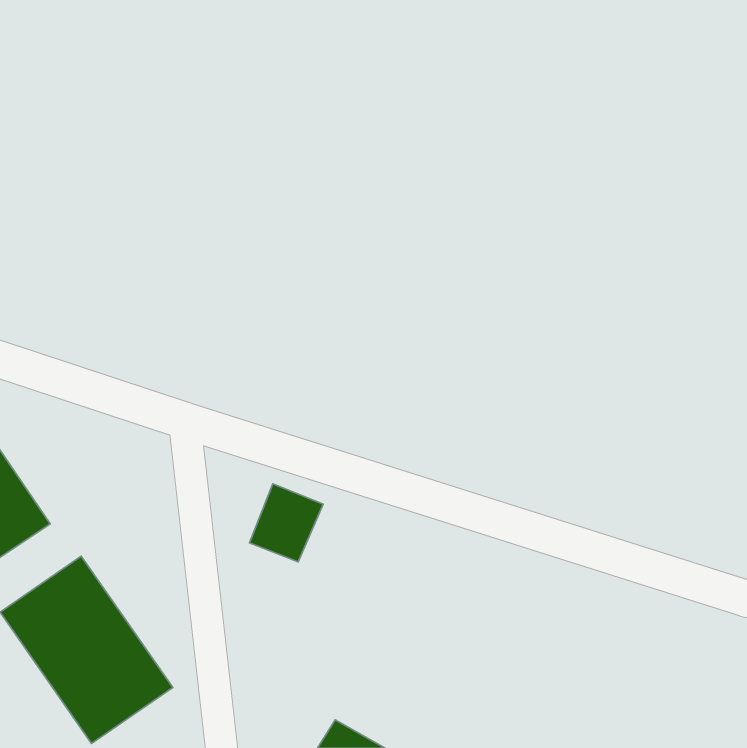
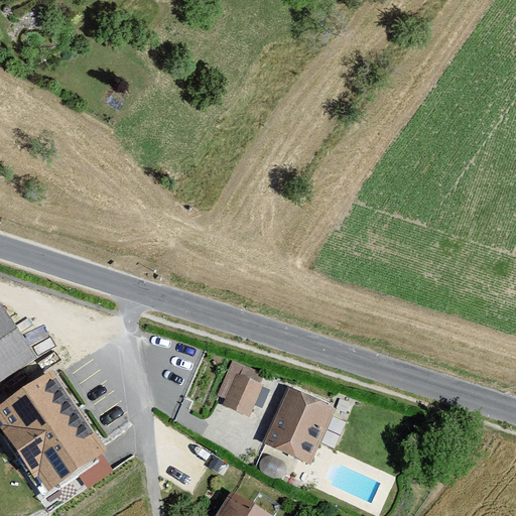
building: [249,484,323,562] -> [213,362,263,415]
building: none -> [260,387,331,463]

